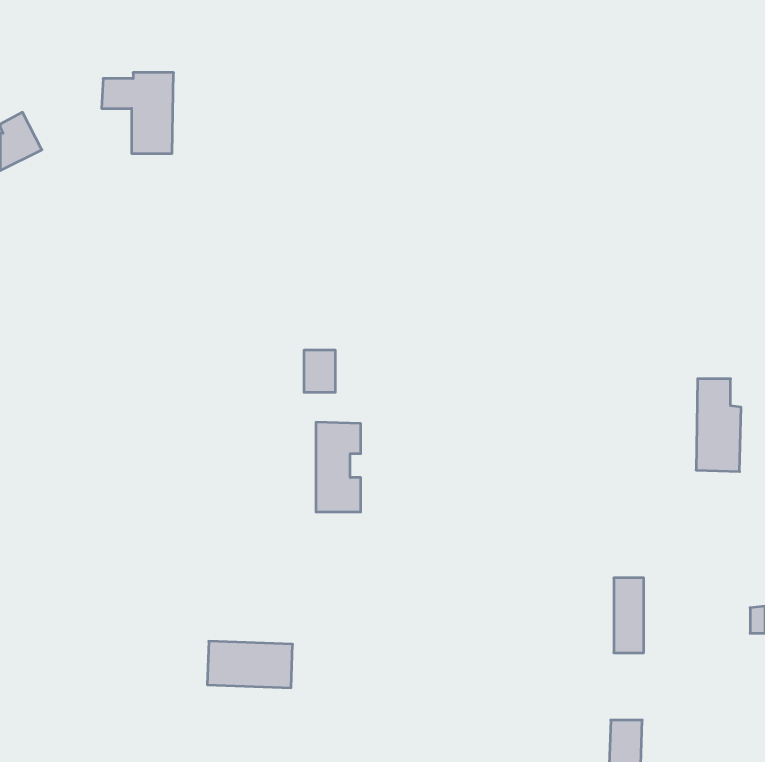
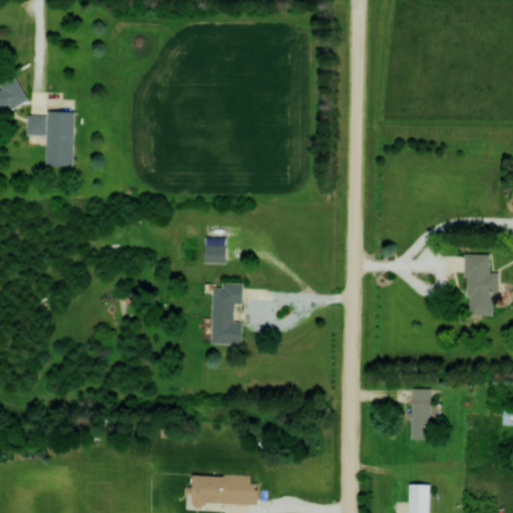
building: [102,73,174,153] -> [26,112,74,166]
building: [207,641,293,688] -> [193,475,250,506]

